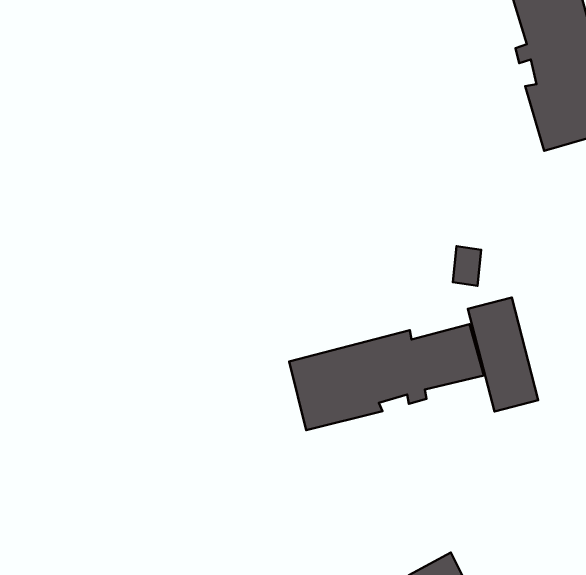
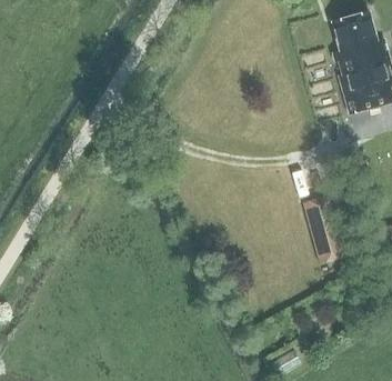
building: [289,324,484,430] -> none

